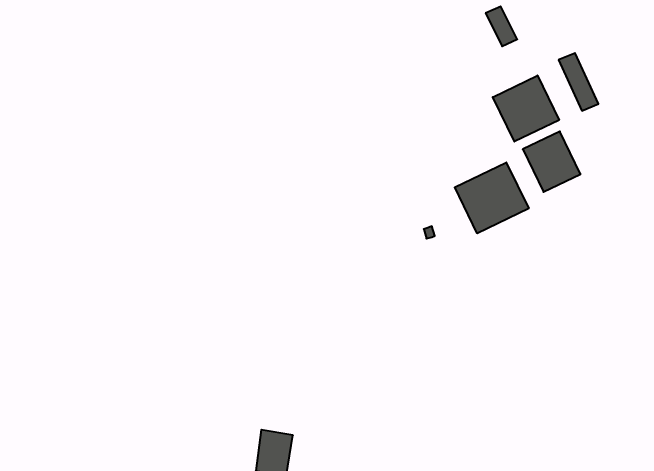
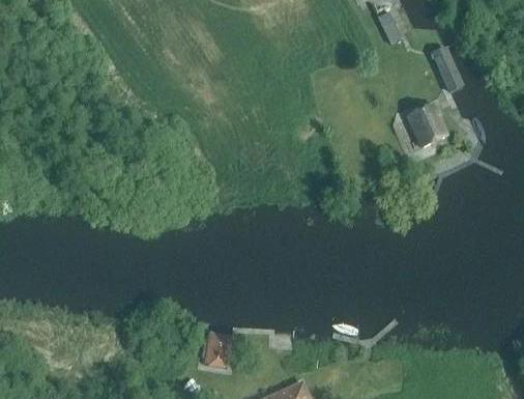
building: [493,75,559,142] -> none
building: [455,162,529,233] -> none

